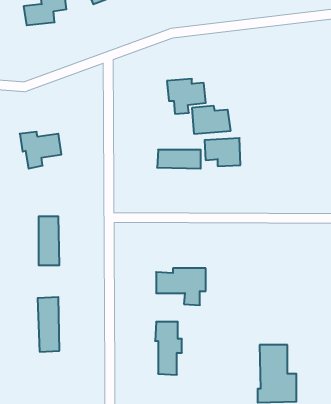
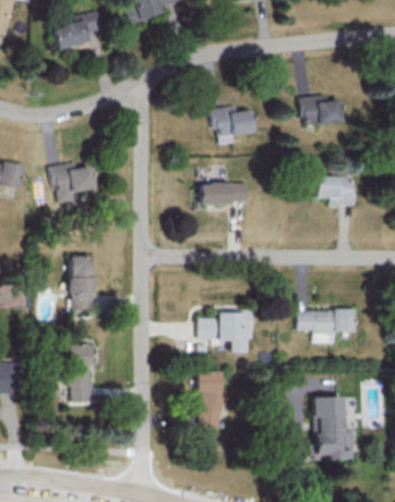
building: [192,106,231,134] -> [301,95,344,125]
building: [205,138,240,166] -> [316,174,356,205]
building: none -> [298,309,356,342]

